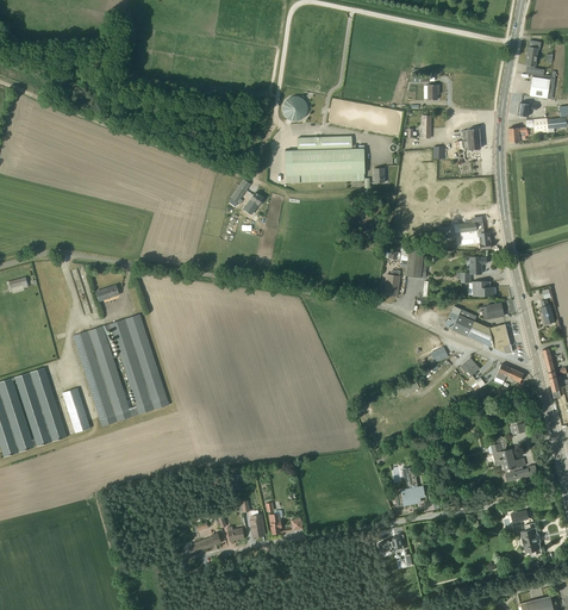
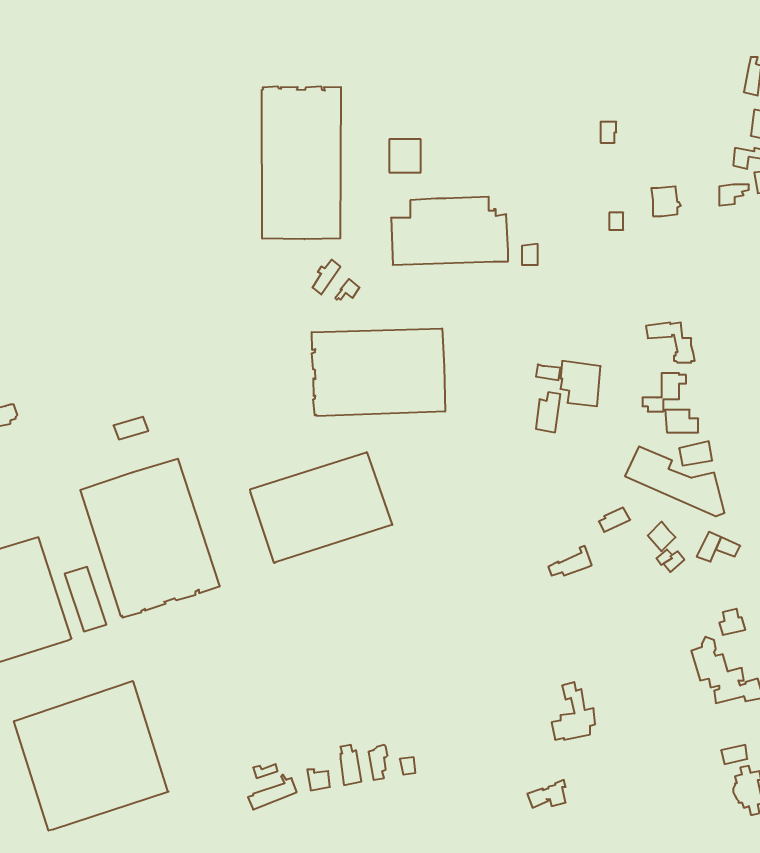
building: none -> [262,86,341,239]
building: none -> [312,328,445,416]
building: none -> [250,452,392,563]
building: none -> [14,681,169,831]

